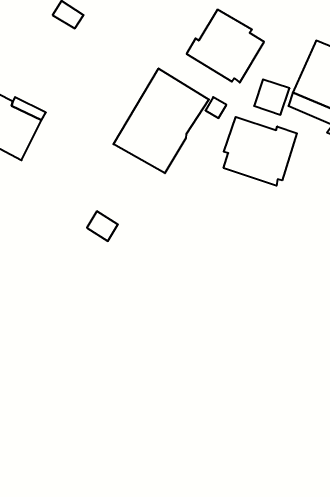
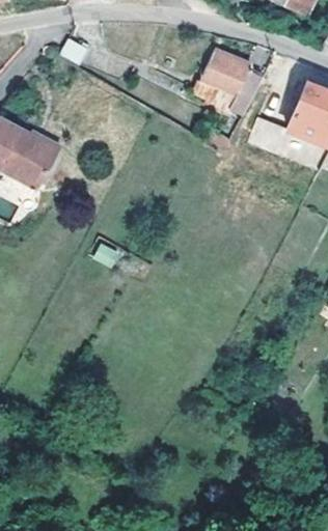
building: [113,68,209,173] -> none
building: [224,117,297,186] -> none

